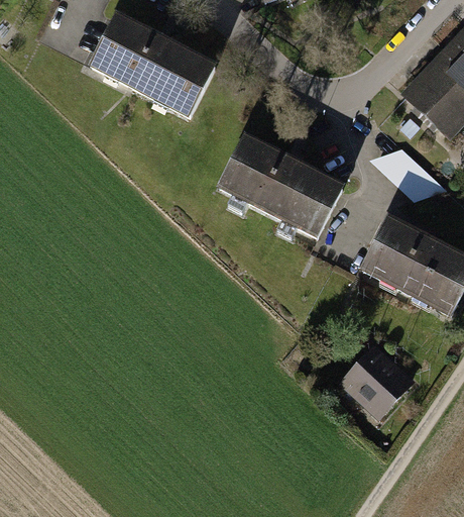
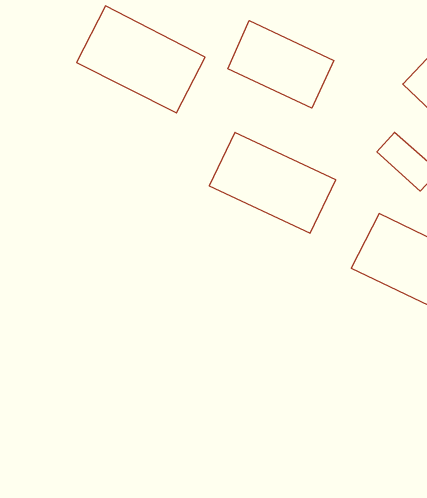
building: none -> [228,21,334,108]
building: [343,340,417,414] -> none

